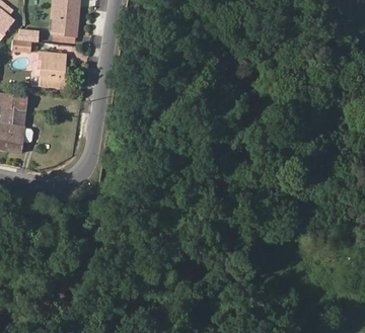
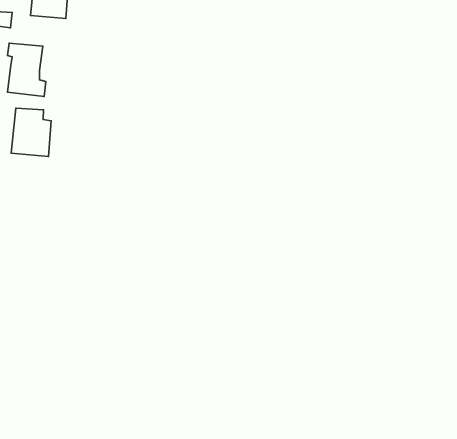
building: none -> [11,108,51,157]

